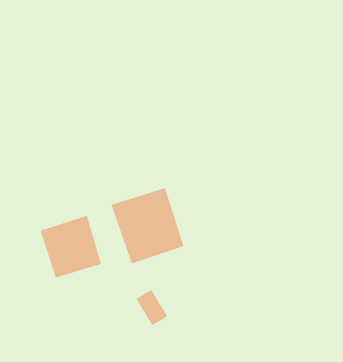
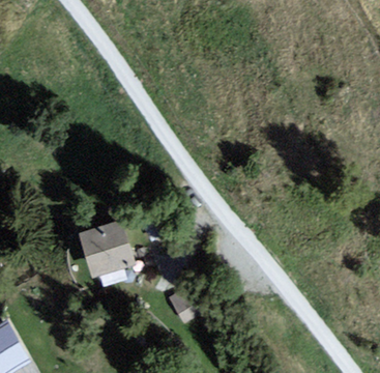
building: [111,187,184,264] -> none

